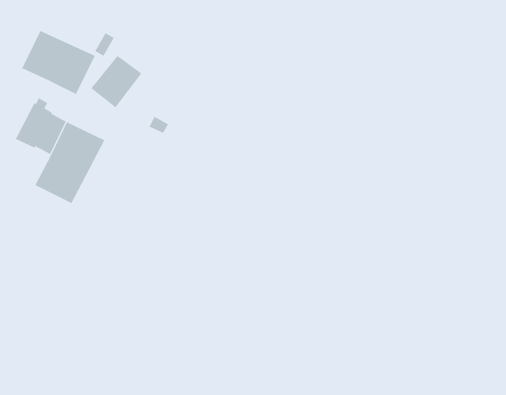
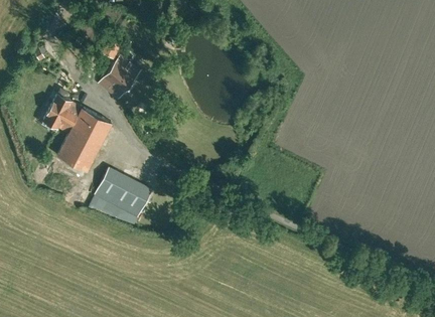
building: [22,30,96,95] -> none
building: none -> [94,170,150,218]

